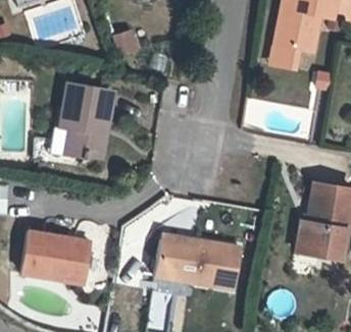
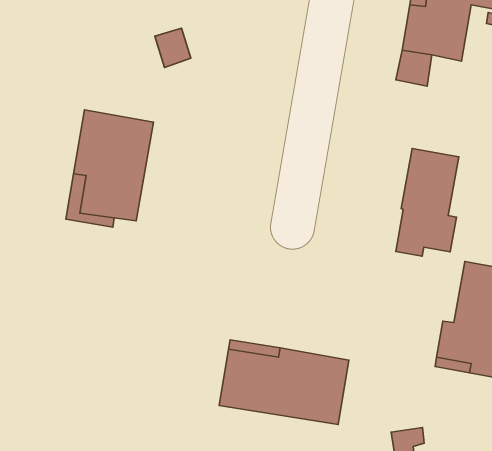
building: none -> [396,149,459,256]
building: [20,230,90,283] -> none

